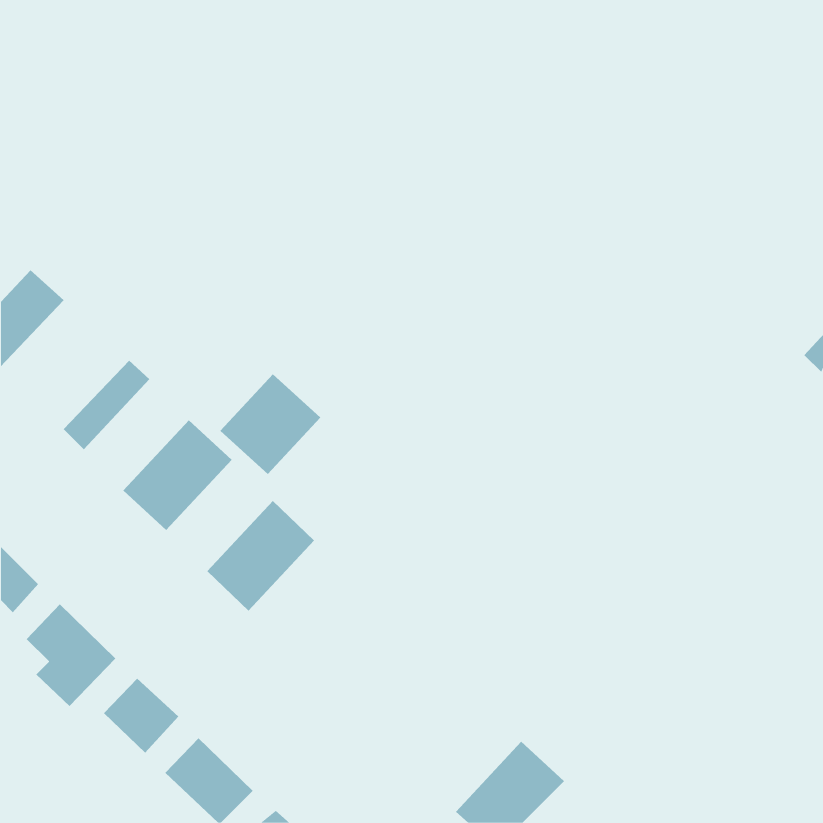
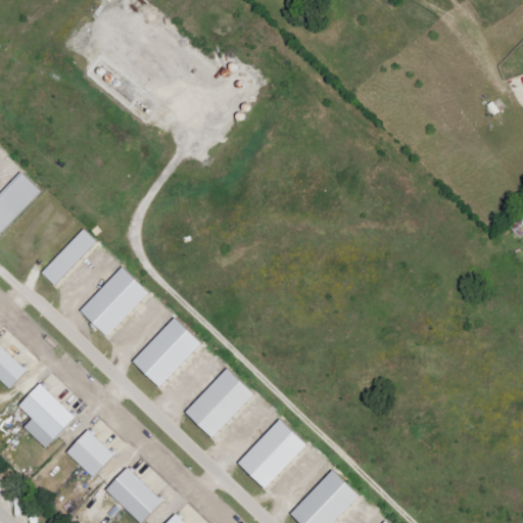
building: [220,373,321,475] -> none
building: none -> [184,367,253,438]
building: none -> [237,419,305,488]

